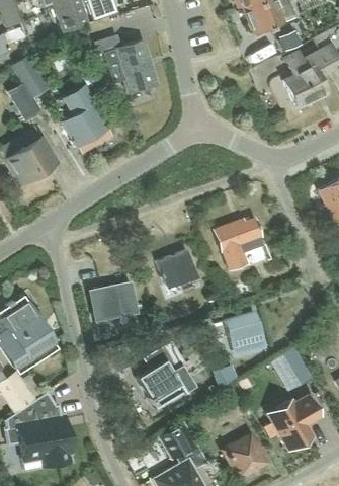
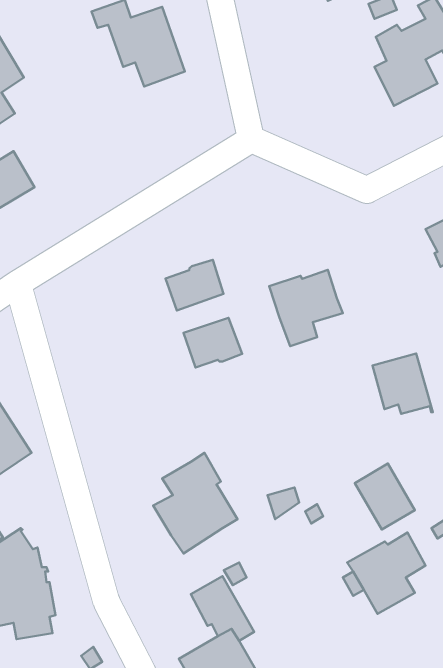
building: [62,84,109,146] -> none
building: none -> [166,260,224,311]
building: [90,280,136,320] -> none
building: [225,311,265,351] -> [373,354,433,414]
building: [223,433,267,478] -> none

